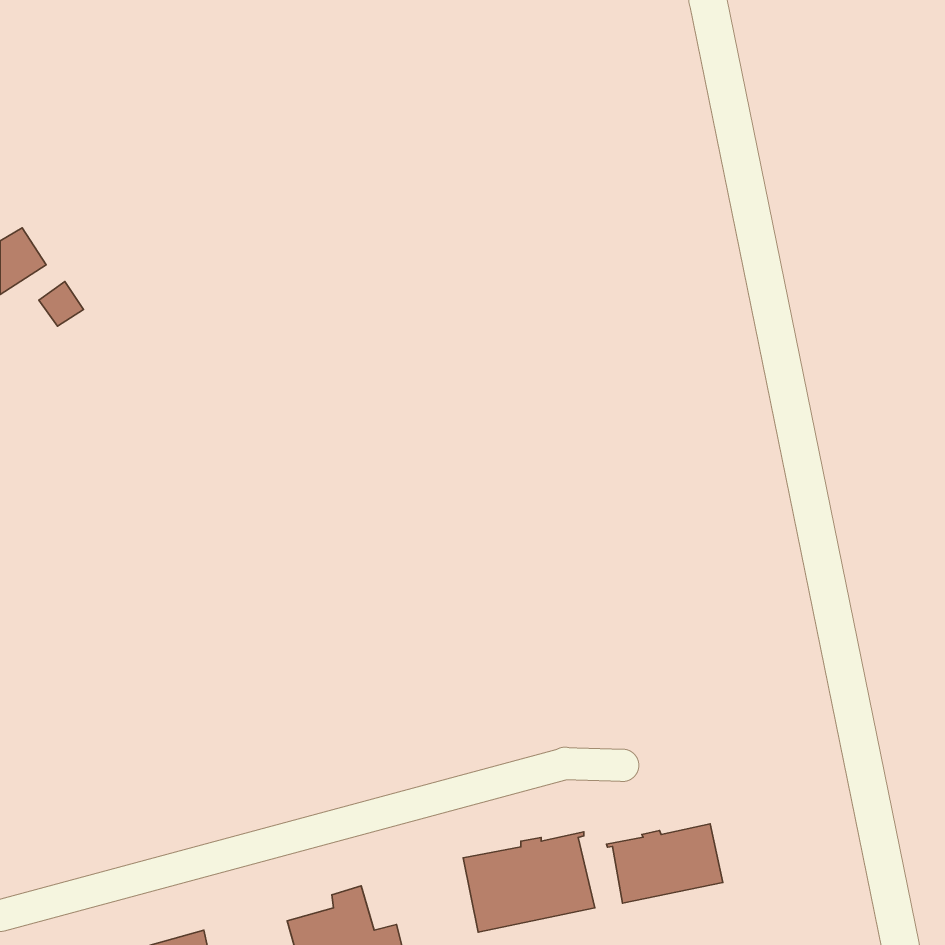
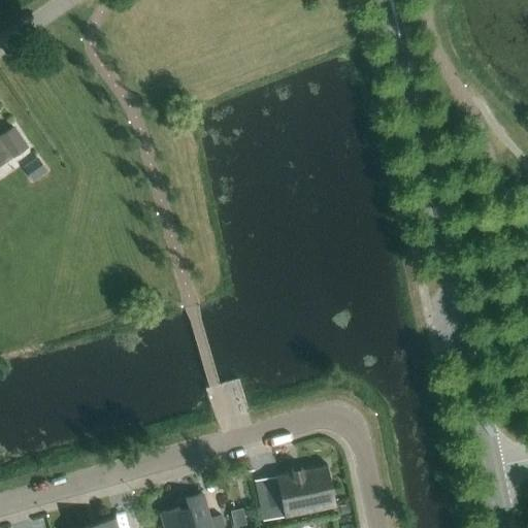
building: [606,824,723,903] -> none

